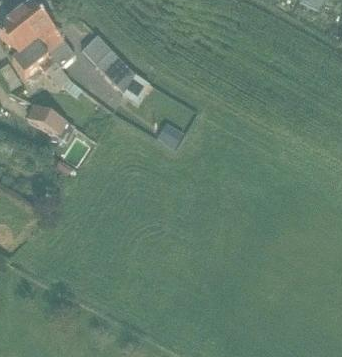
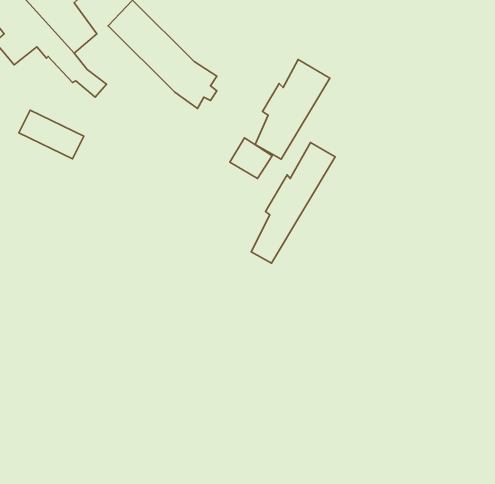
building: none -> [255,59,330,159]
building: none -> [251,143,335,263]

